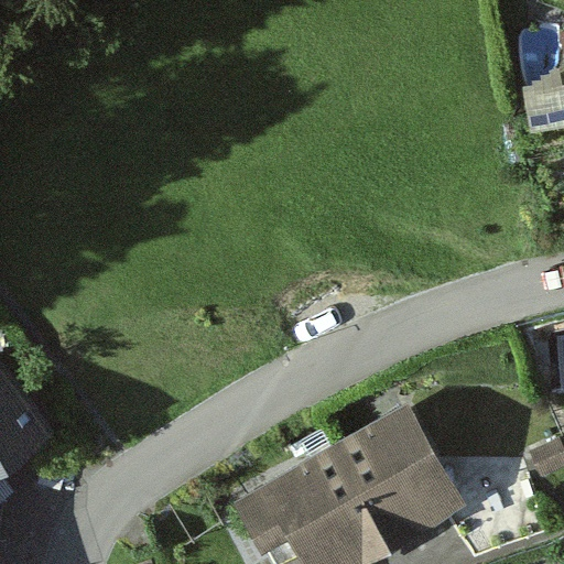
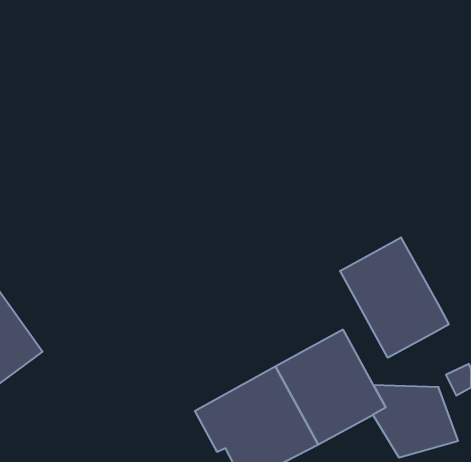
building: none -> [340,237,449,358]

